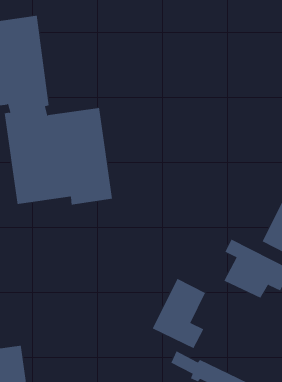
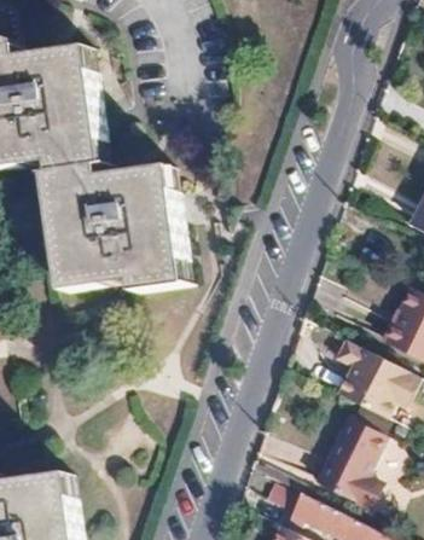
building: [152,278,206,349] -> [314,418,384,510]

